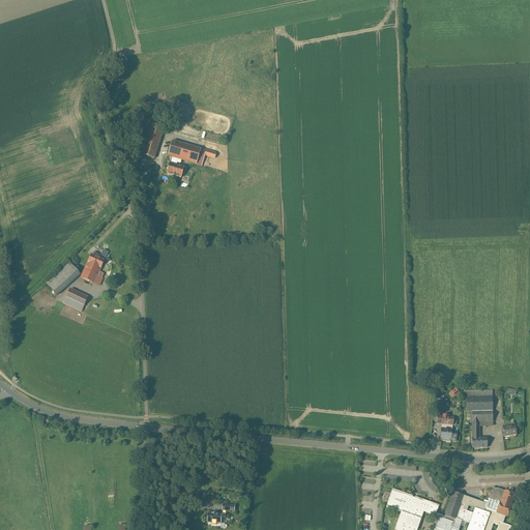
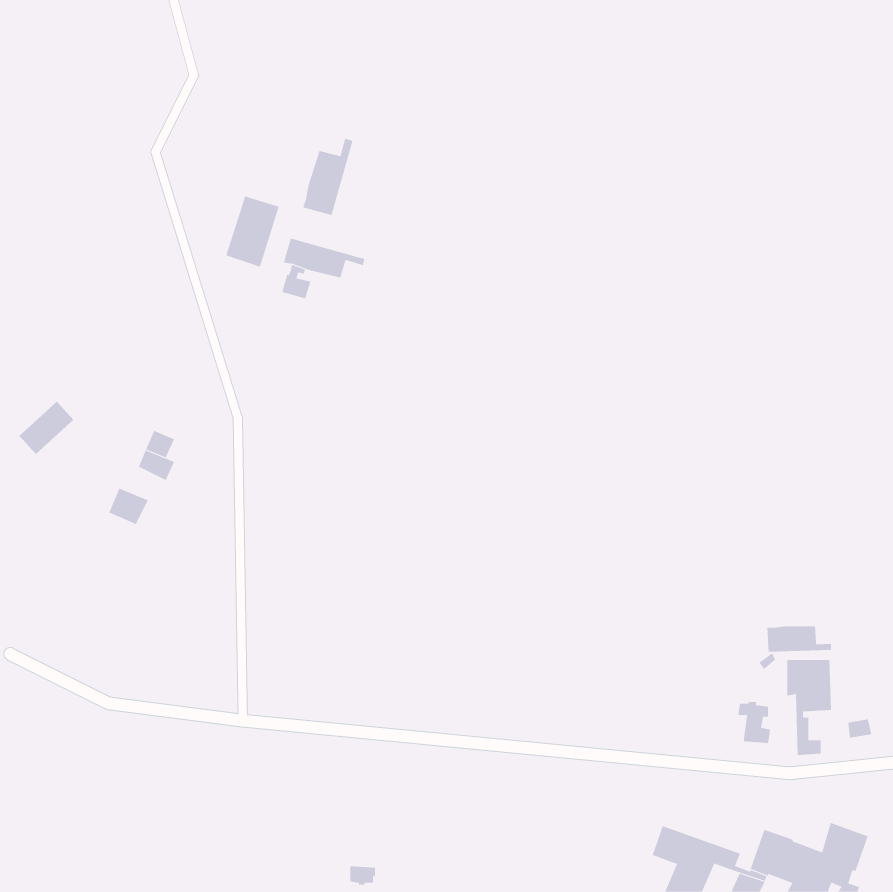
building: none -> [302,138,353,216]
building: [47,263,80,295] -> [18,401,74,455]
building: none -> [767,625,831,653]

